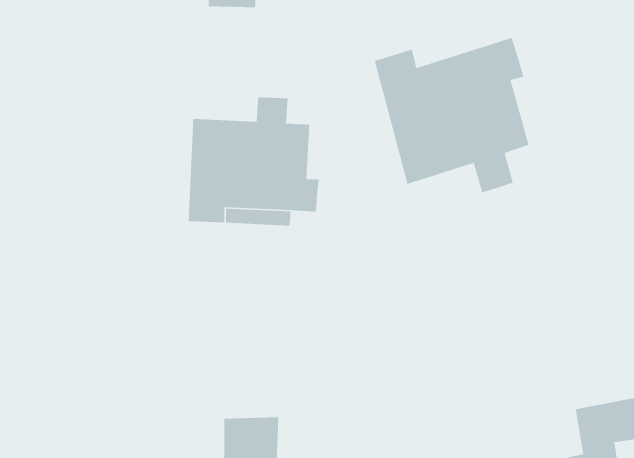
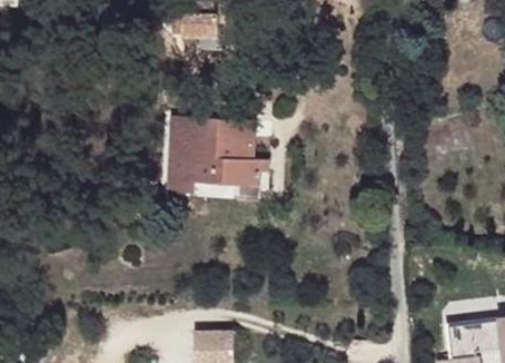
building: [374,37,530,193] -> none

